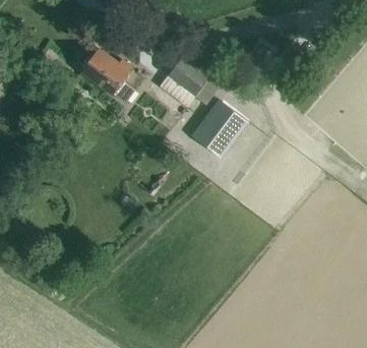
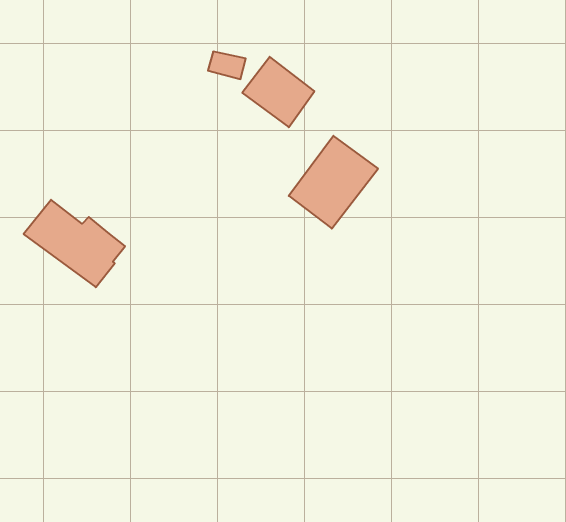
building: [80,48,140,100] -> [24,200,125,287]

